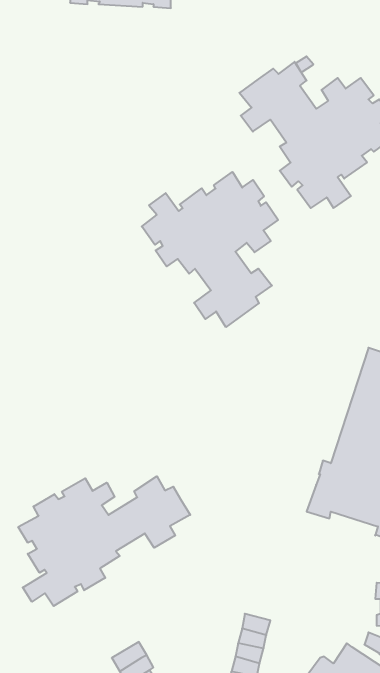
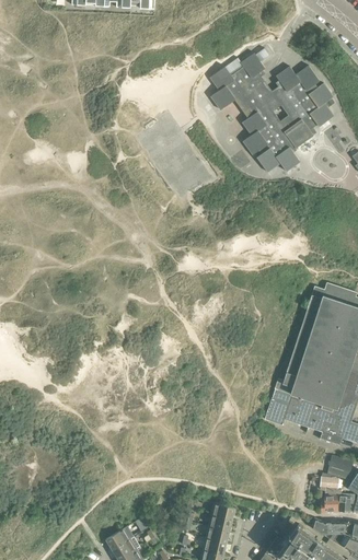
building: [142,172,278,327] -> none
building: [18,476,190,606] -> none

